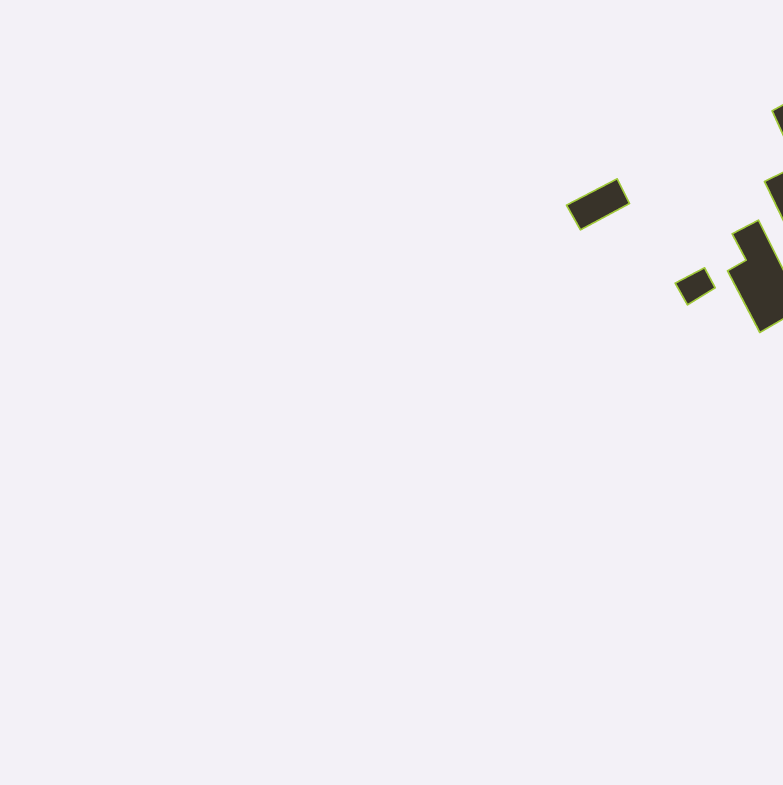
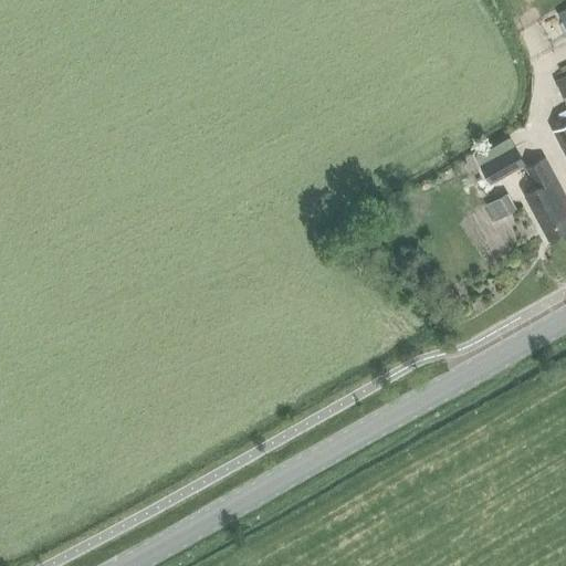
building: [567,179,630,230] -> [481,146,526,182]

